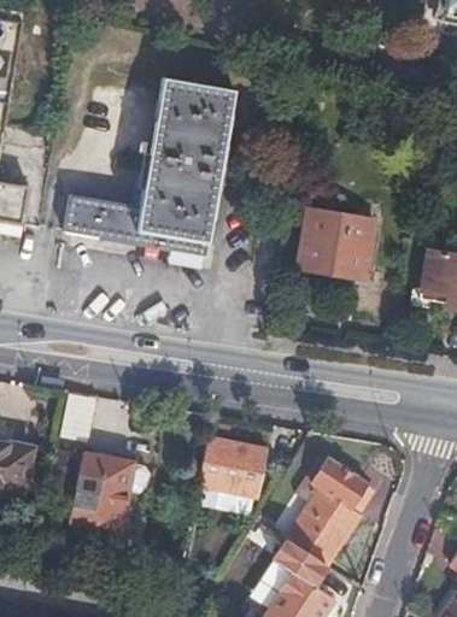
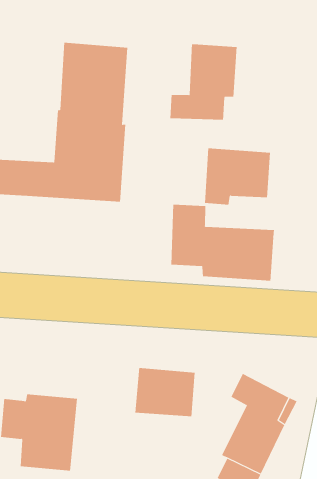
building: none -> [170,43,237,121]
building: none -> [171,204,274,282]

